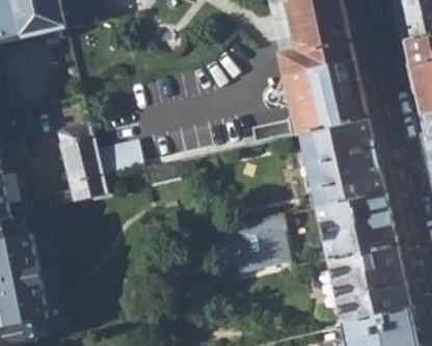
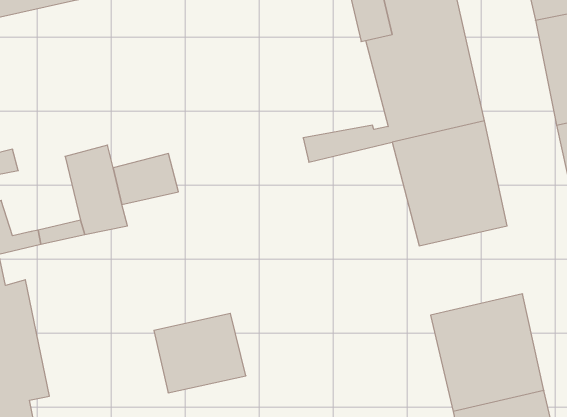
building: [316,192,395,258] -> none
building: [224,214,292,272] -> [154,313,246,393]

